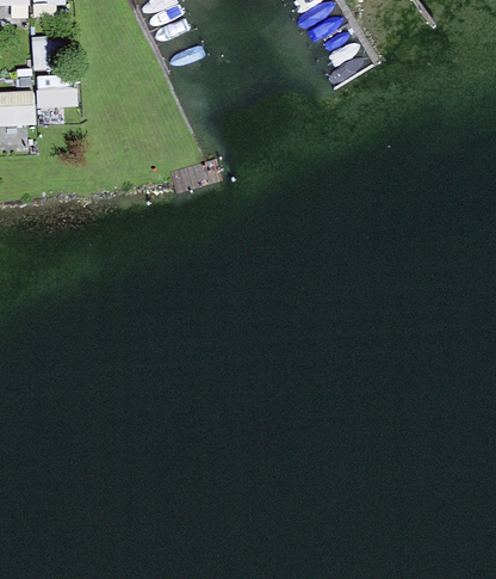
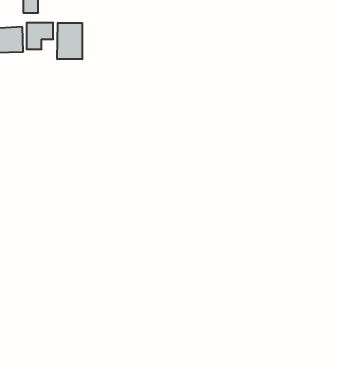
building: none -> [57,23,82,59]

